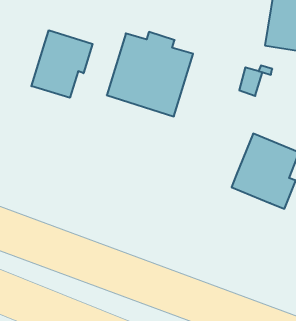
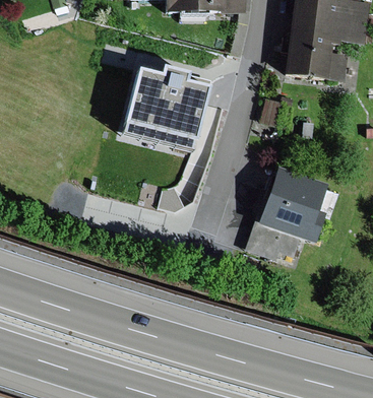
building: [31,30,93,98] -> none
building: none -> [246,208,301,257]

